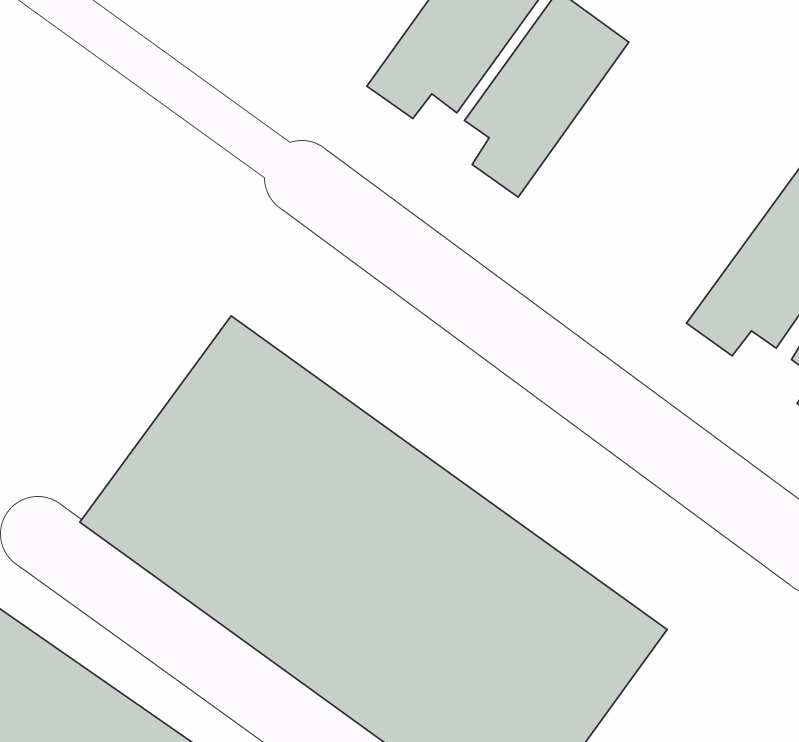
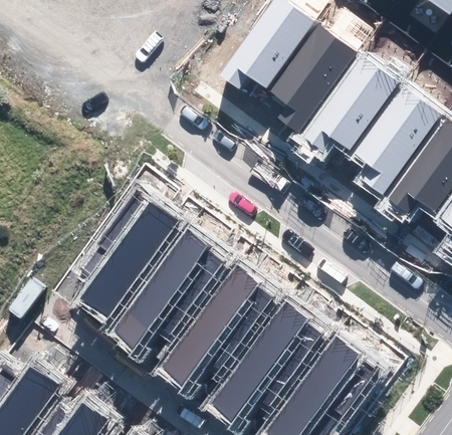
building: none -> [303,54,400,154]
building: none -> [354,86,441,195]

